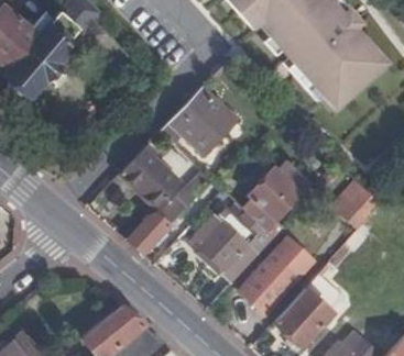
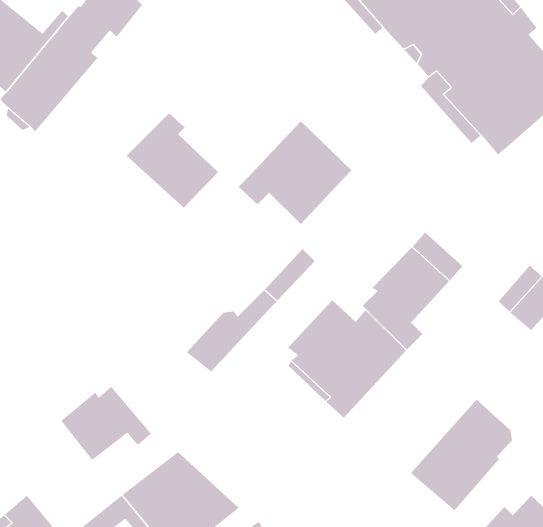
building: [120,144,182,208] -> [126,113,219,209]
building: [240,236,315,313] -> none
building: none -> [60,386,152,461]

